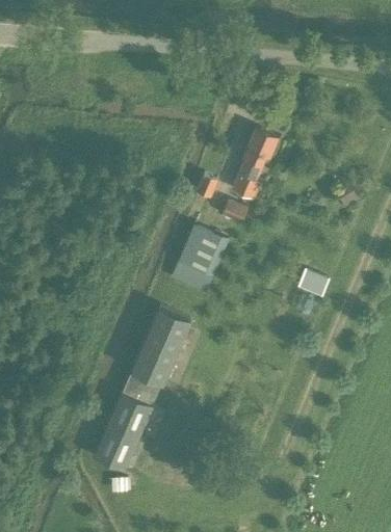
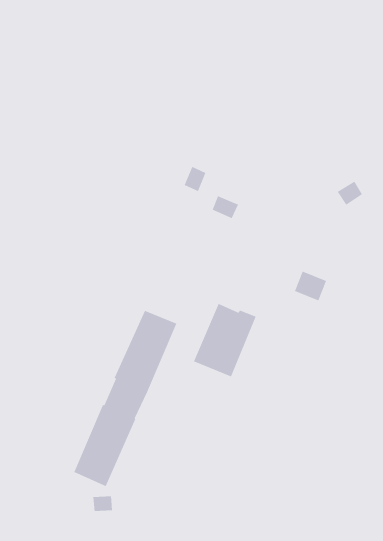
building: [233,127,278,197] -> none
building: [172,225,230,294] -> [193,303,256,377]

